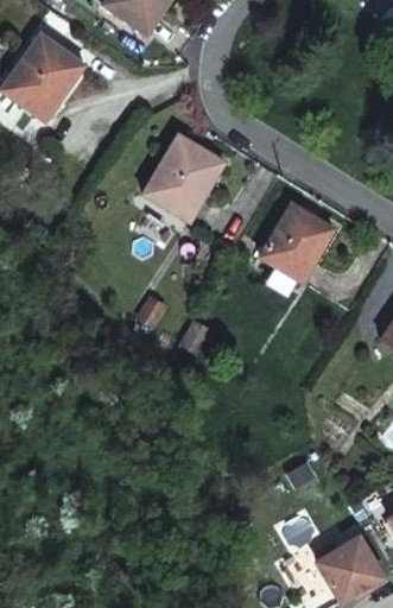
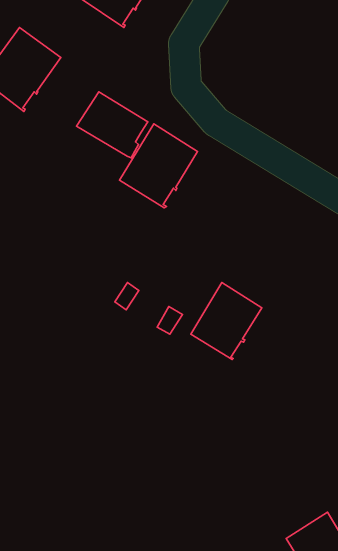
building: none -> [77,92,148,158]
building: [260,202,334,281] -> [191,283,262,359]

